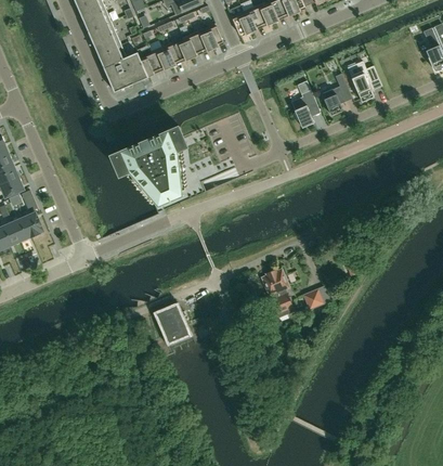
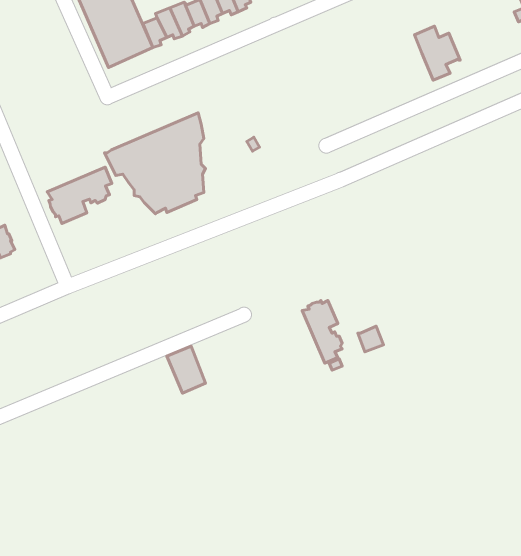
building: [321,86,346,115] -> none
building: [290,90,316,128] -> none
building: none -> [47,167,112,223]

